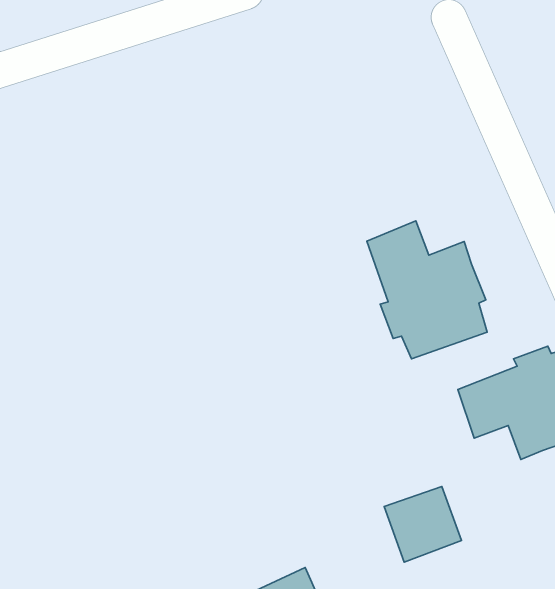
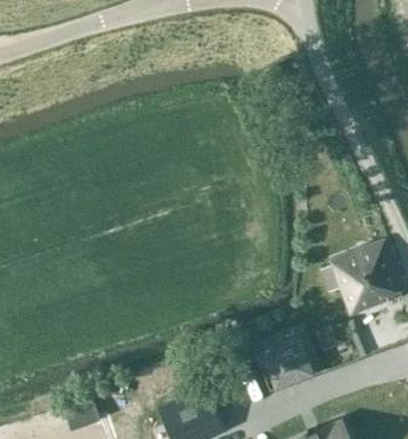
building: [367,221,487,359] -> none

